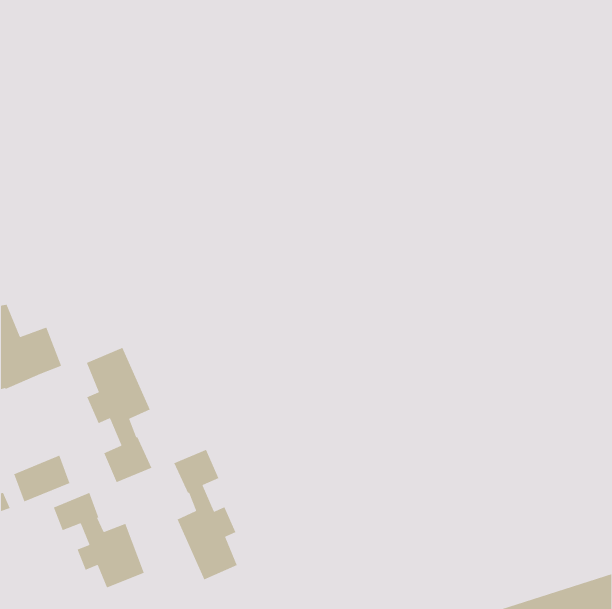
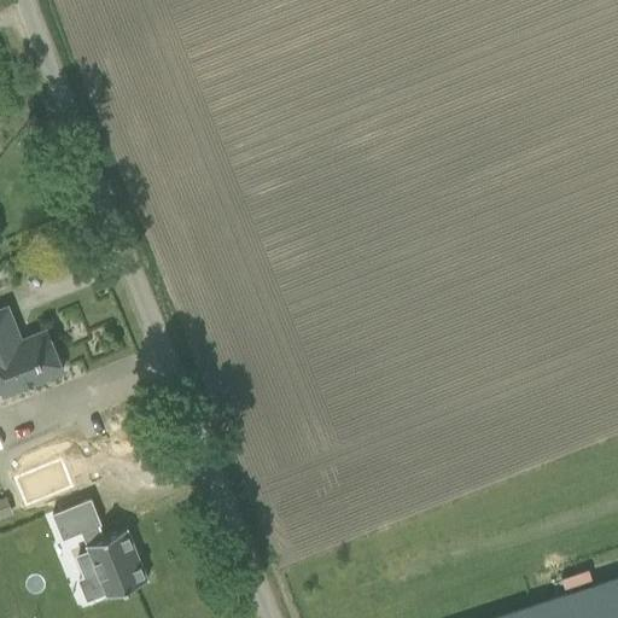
building: [86,347,152,483] -> none
building: [173,449,238,580] -> none

